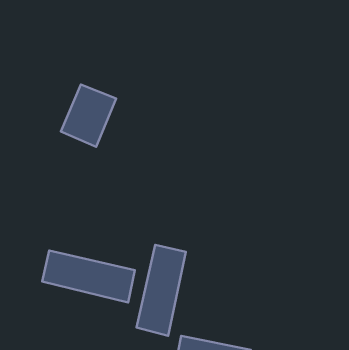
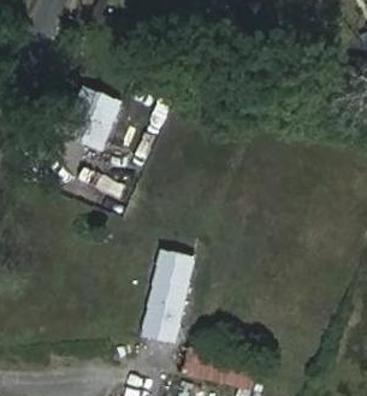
building: [42,251,135,303] -> none

